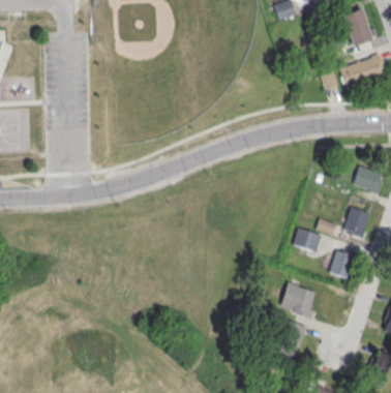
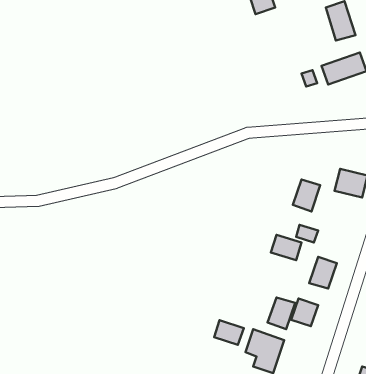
building: [343,208,369,238] -> [293,180,320,211]
building: none -> [291,299,318,326]
building: none -> [214,320,244,345]

